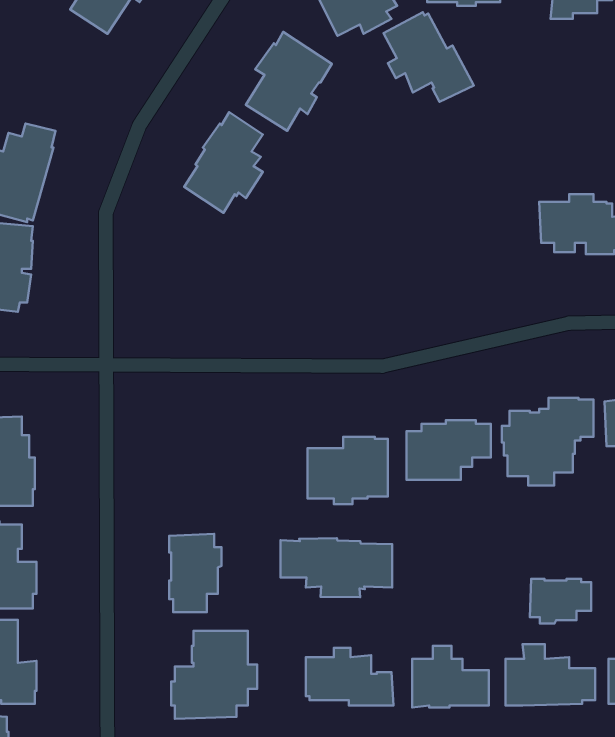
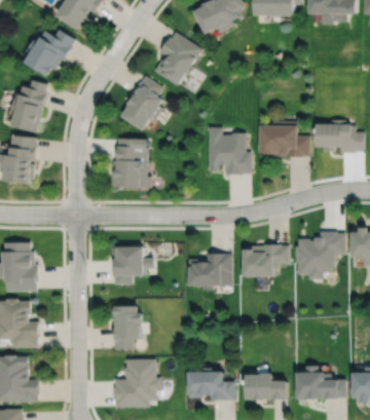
building: [384,12,474,102] -> none
building: none -> [25,31,76,79]
building: none -> [259,121,308,157]
building: none -> [208,127,250,176]
building: none -> [110,139,150,189]
building: none -> [111,247,152,285]
building: [281,538,392,597] -> none
building: [530,579,591,623] -> none

